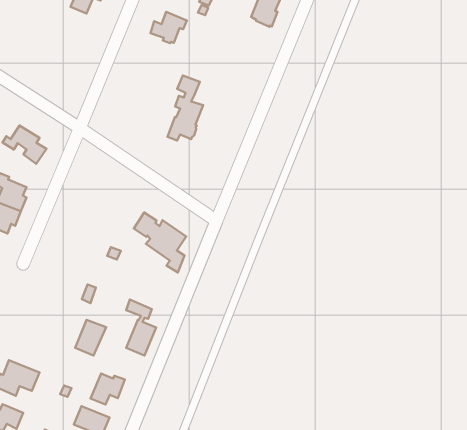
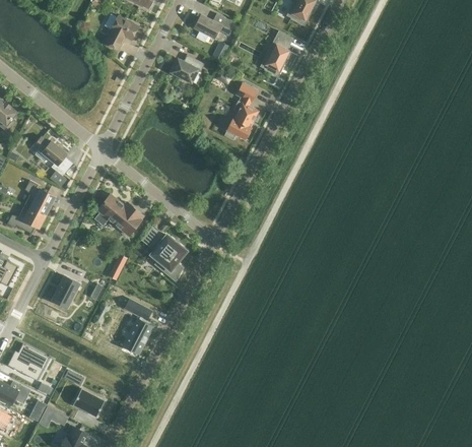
building: [167,75,203,140] -> [224,83,258,139]
building: none -> [95,194,143,236]
building: [75,320,106,355] -> [52,276,80,308]
building: [91,373,125,405] -> none

